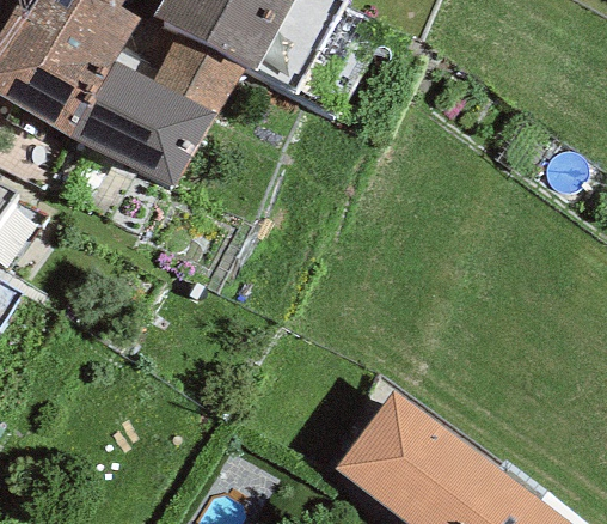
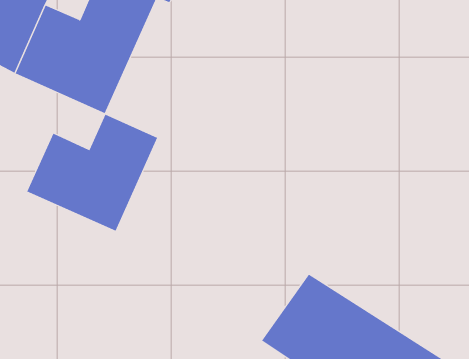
building: none -> [27,114,158,231]

